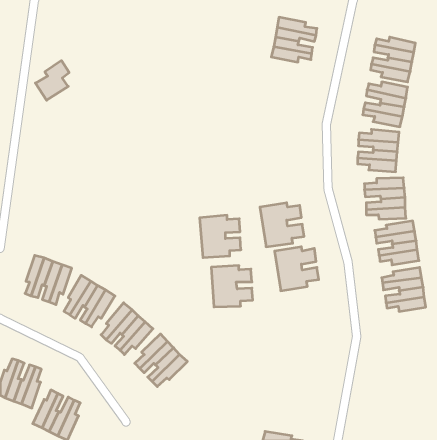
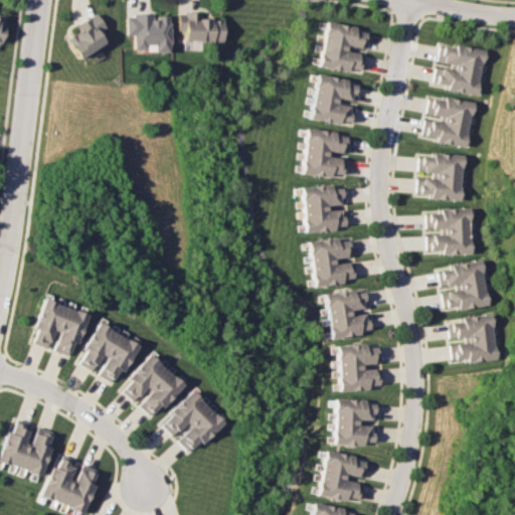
building: none -> [180,12,224,42]
building: none -> [130,14,173,52]
building: [35,61,69,100] -> [69,13,109,59]
building: none -> [310,73,363,126]
building: none -> [303,129,353,179]
building: [200,215,241,258] -> [302,184,350,233]
building: [211,266,253,307] -> [336,342,384,390]
building: none -> [334,398,381,446]
building: none -> [318,451,370,502]

